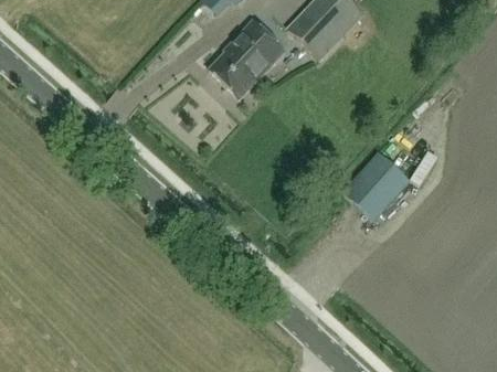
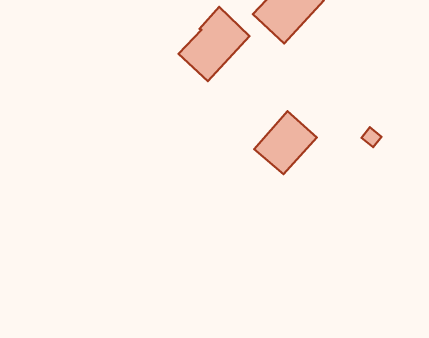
building: [345,152,411,219] -> [254,111,317,174]

